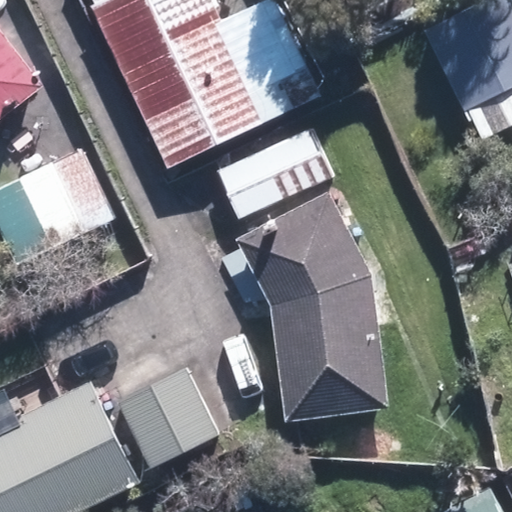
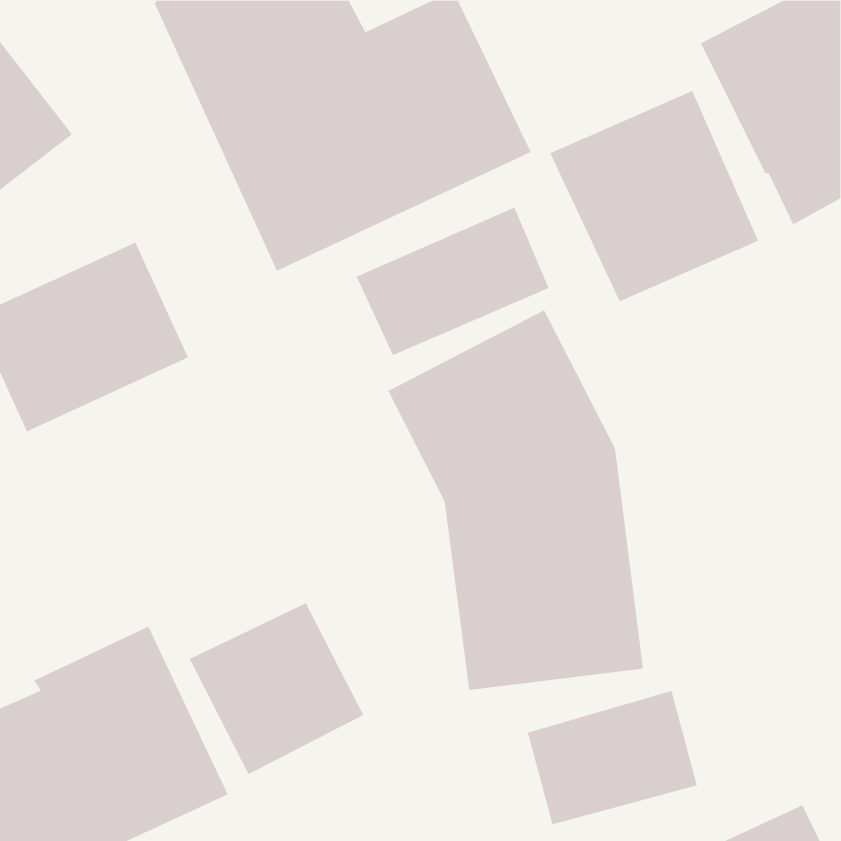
building: none -> [549,90,759,302]
building: none -> [527,690,698,825]

